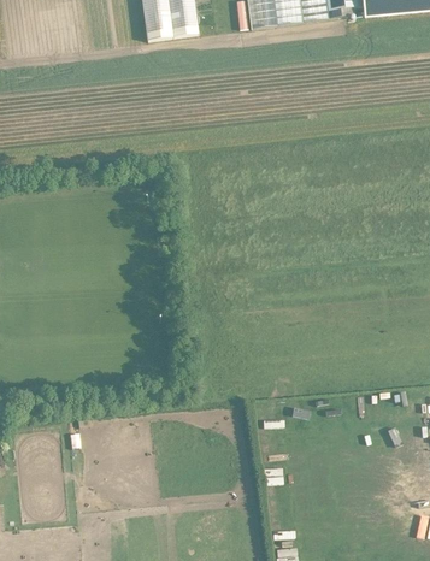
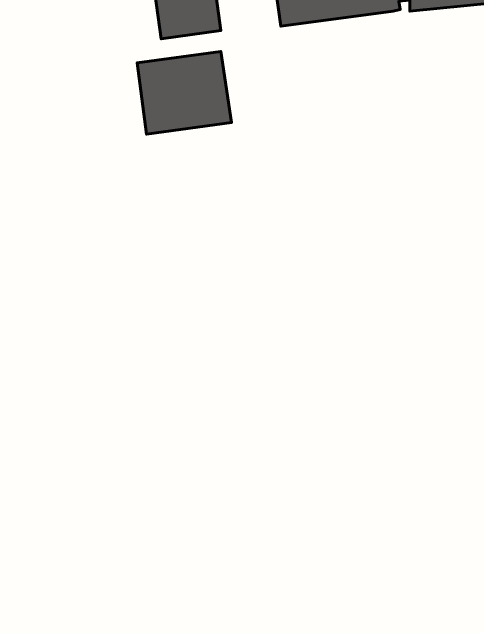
building: none -> [137,52,232,134]

